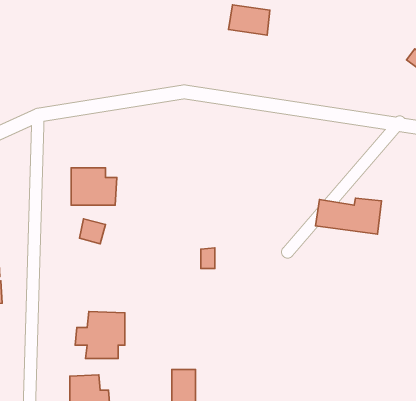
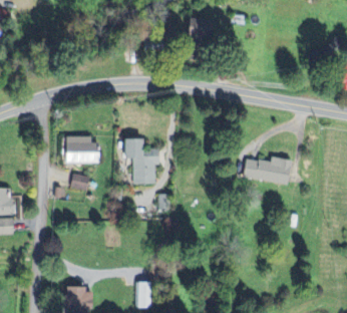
building: none -> [122,138,159,184]
building: [75,311,125,358] -> none

